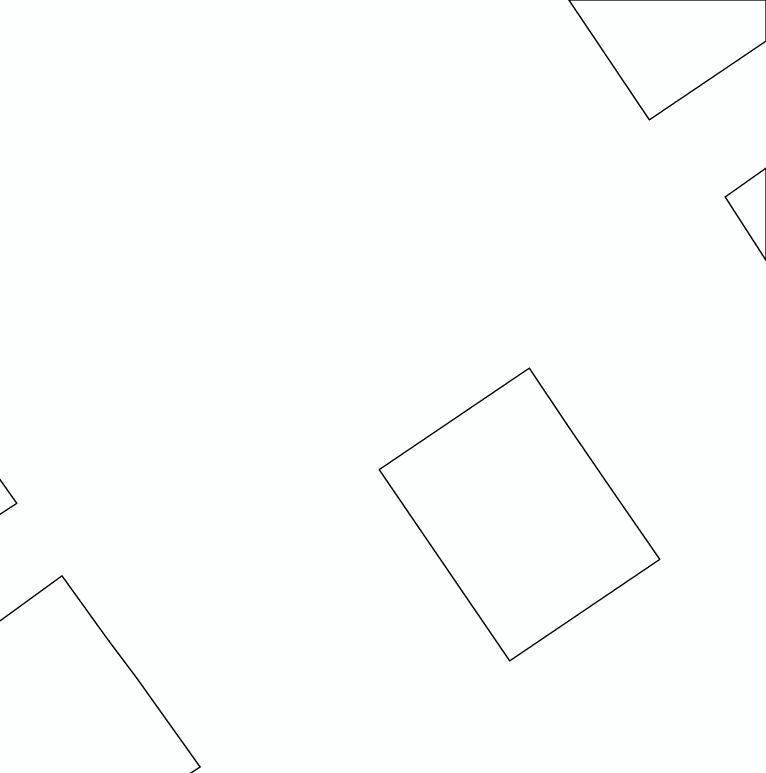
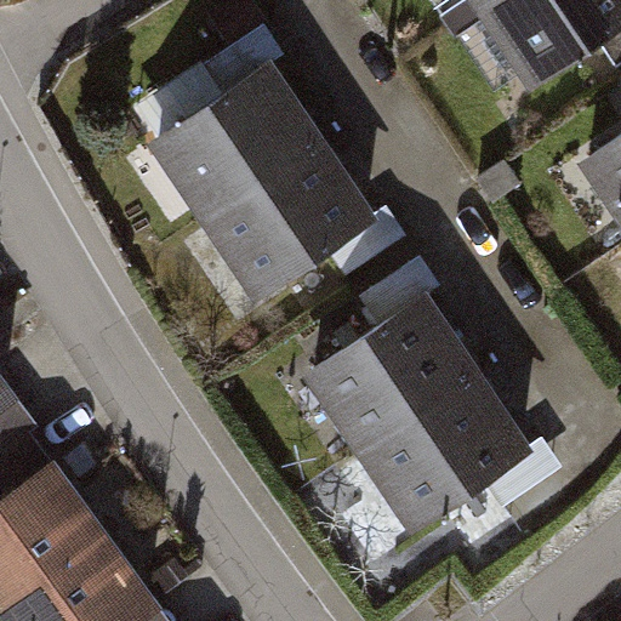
building: none -> [153,59,376,296]

